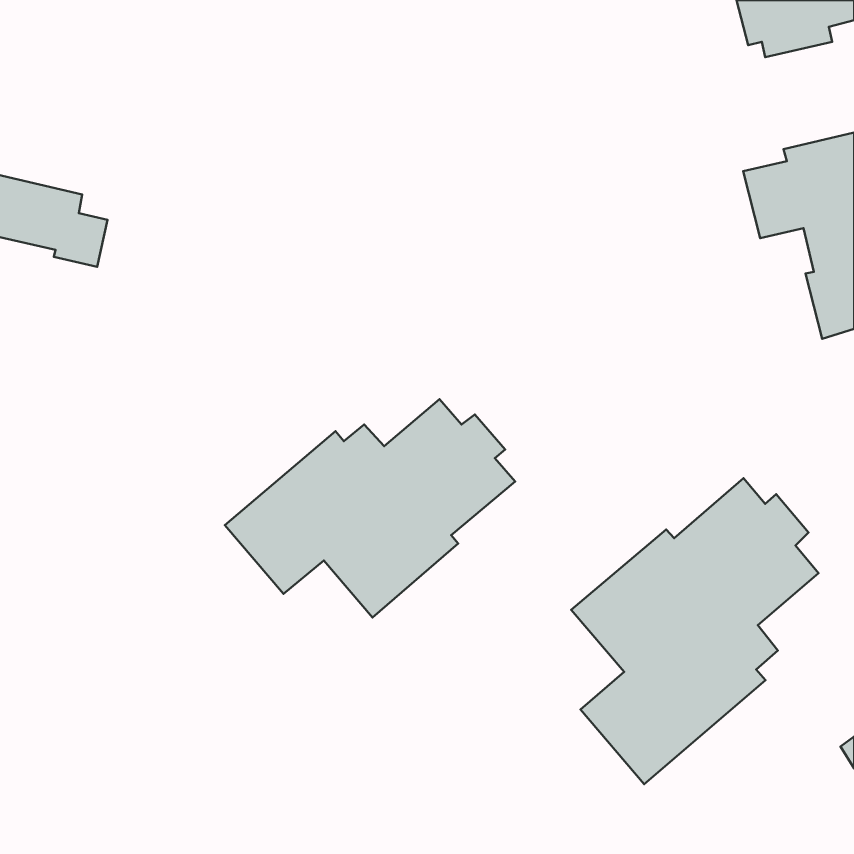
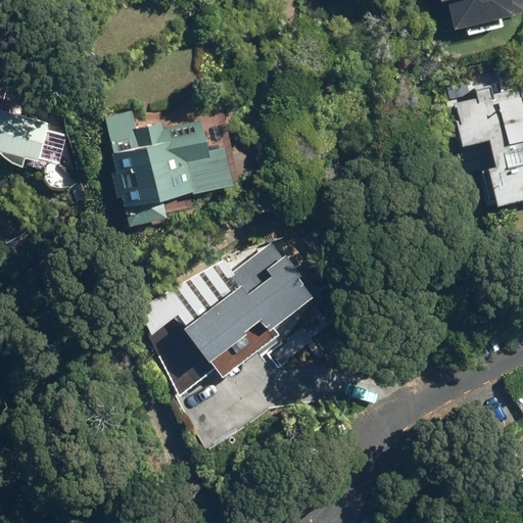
building: none -> [108,113,238,206]
building: [571,478,819,784] -> none

